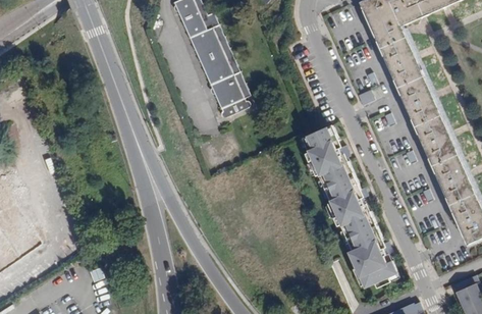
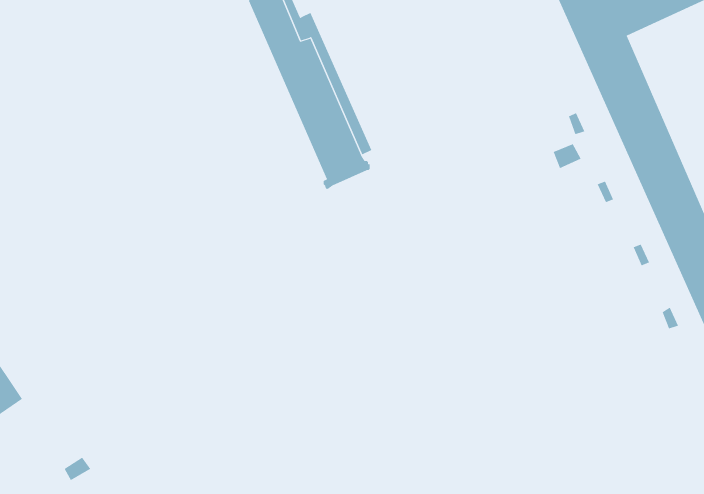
building: [301,124,396,289] -> none

